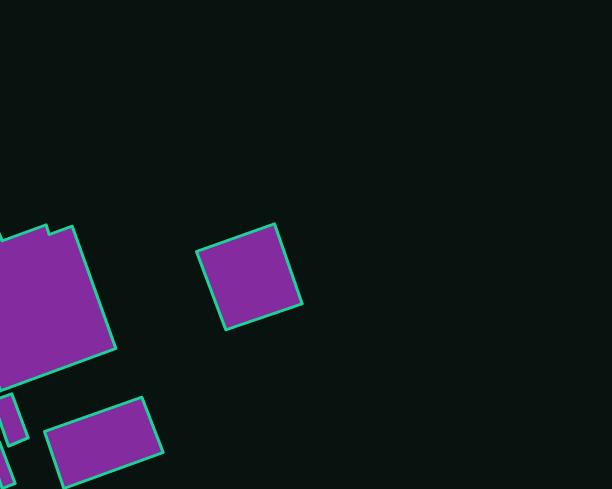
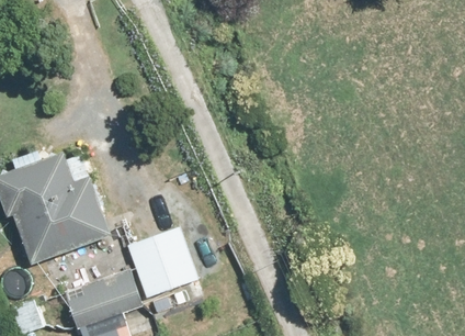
building: [196,224,302,330] -> [124,227,195,299]

